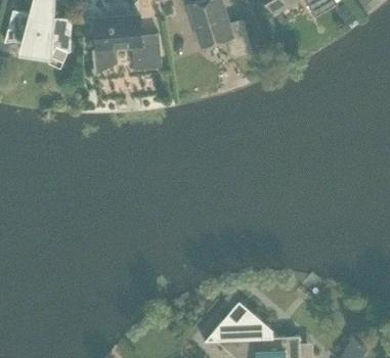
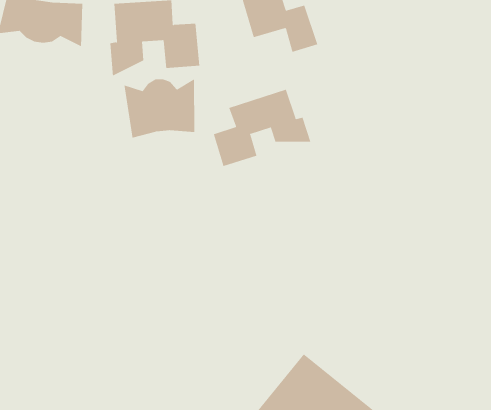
building: none -> [124,78,195,139]
building: none -> [213,89,311,167]

